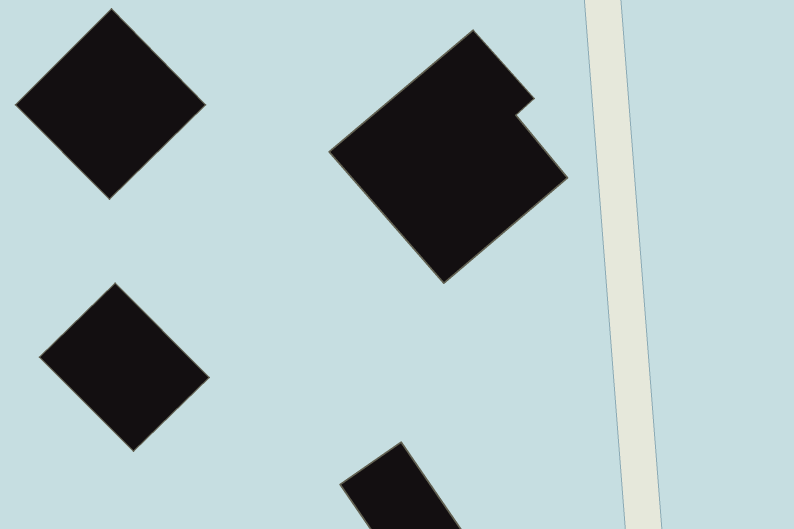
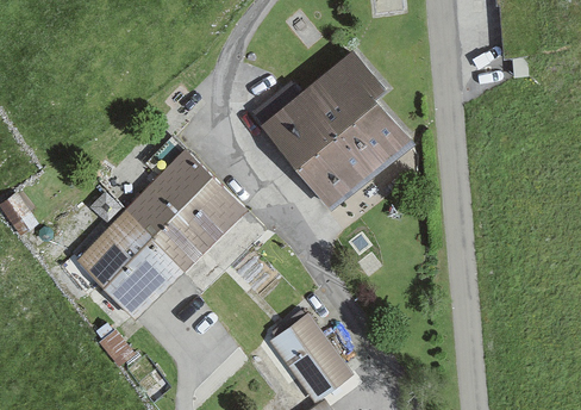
building: [15,9,206,199] -> [123,149,245,272]

